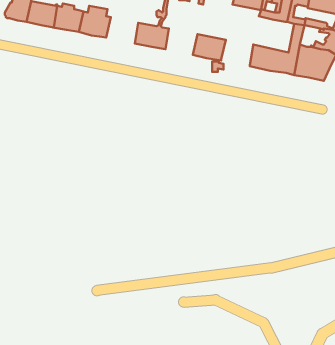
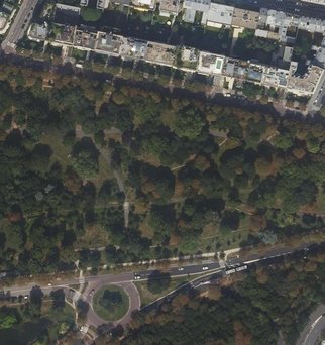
building: none -> [119,35,147,59]
building: none -> [172,44,200,69]
building: none -> [221,55,249,78]

